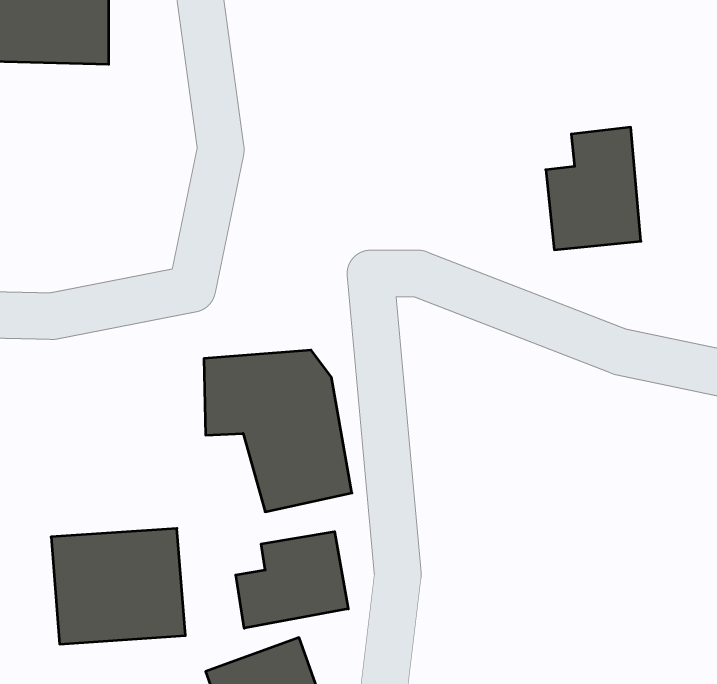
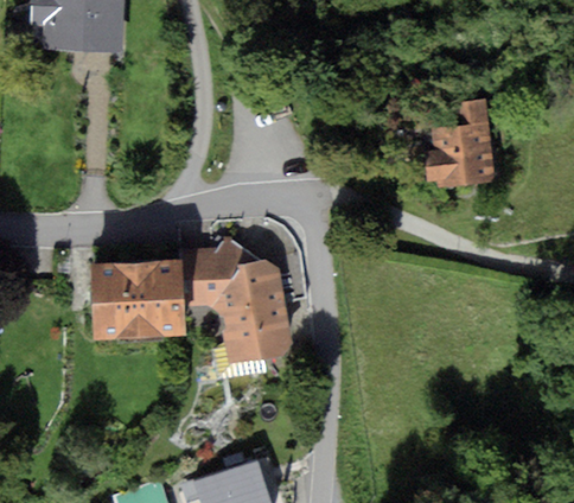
building: [51,528,185,644] -> [91,257,185,338]
building: [236,532,348,628] -> none

